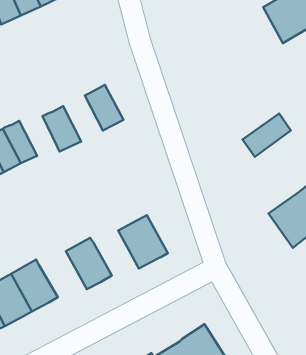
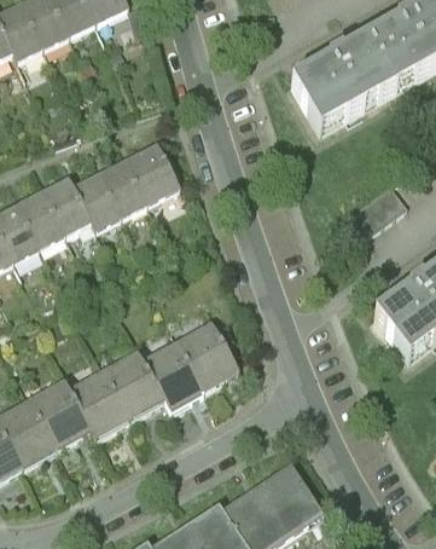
building: none -> [292,39,395,129]
building: none -> [100,157,153,219]
building: none -> [41,178,92,238]
building: none -> [141,339,202,408]
building: none -> [68,366,132,437]

